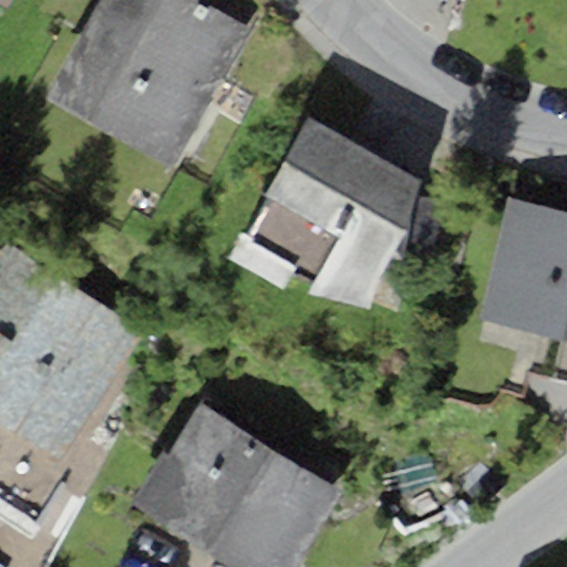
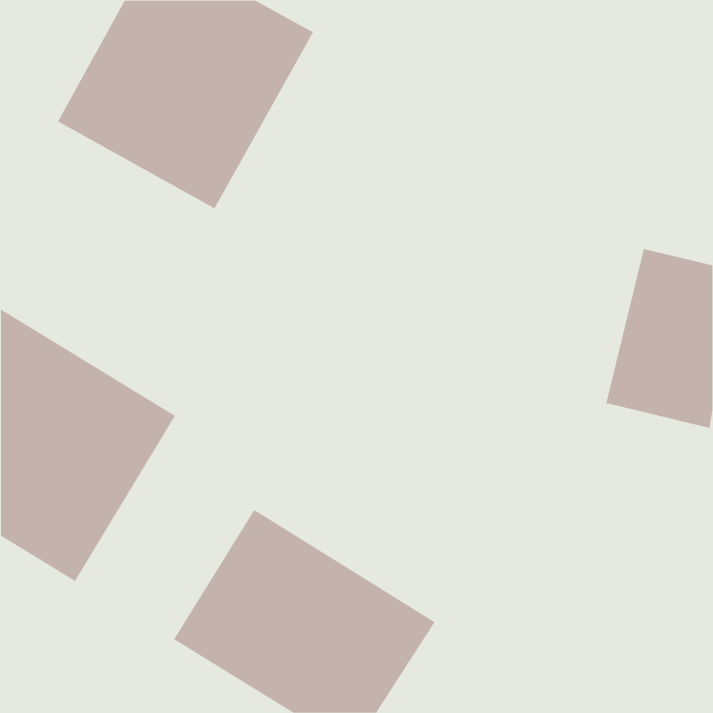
building: [248,113,425,306] -> none

